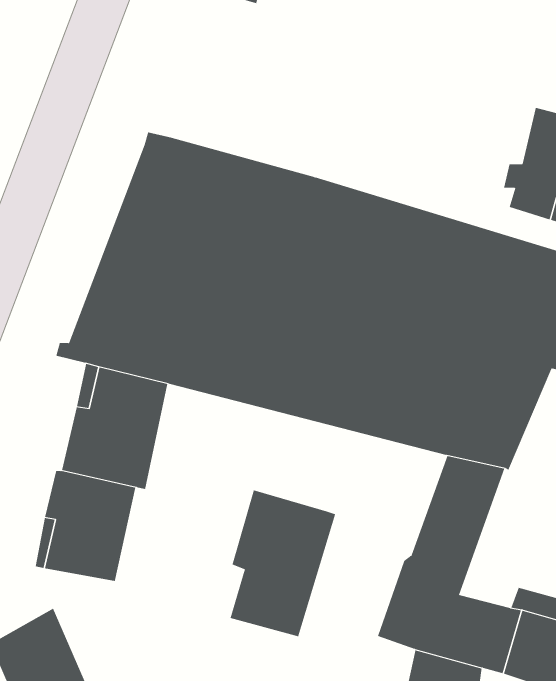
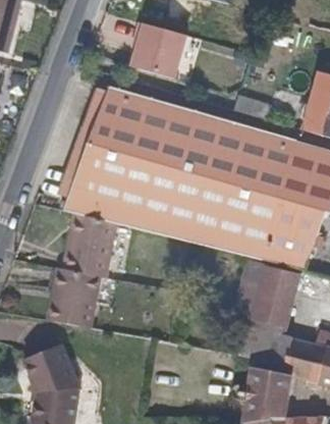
building: none -> [128,23,184,79]
building: [230,489,336,637] -> none

